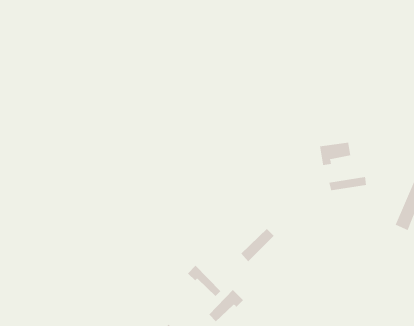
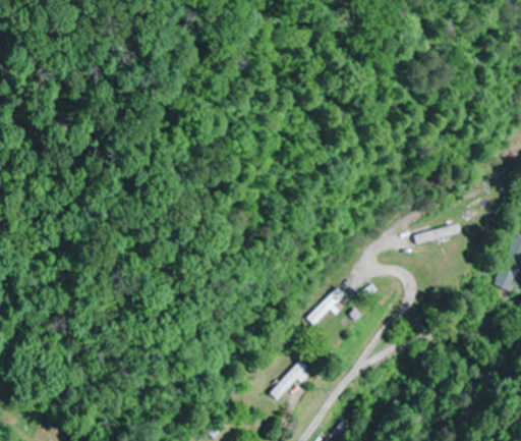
building: [320,142,351,166] -> none
building: [187,265,221,297] -> none

